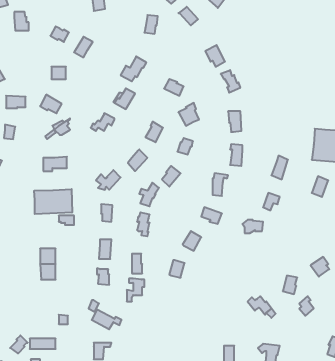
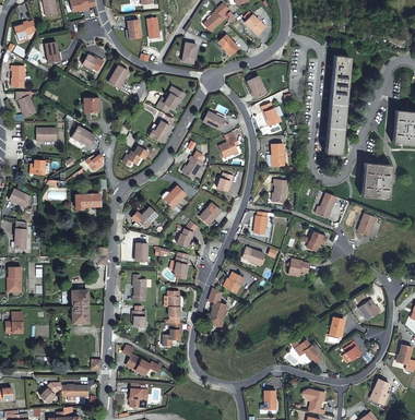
building: none -> [322,69,344,154]
building: [34,189,72,214] -> none

